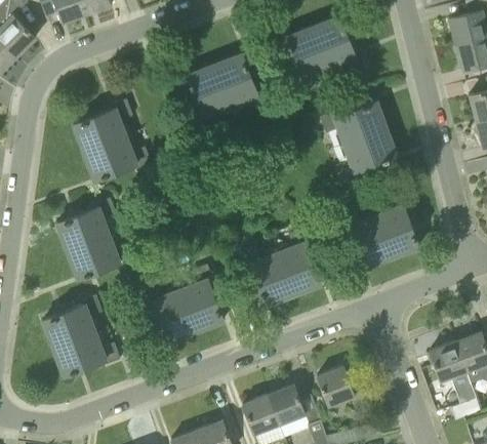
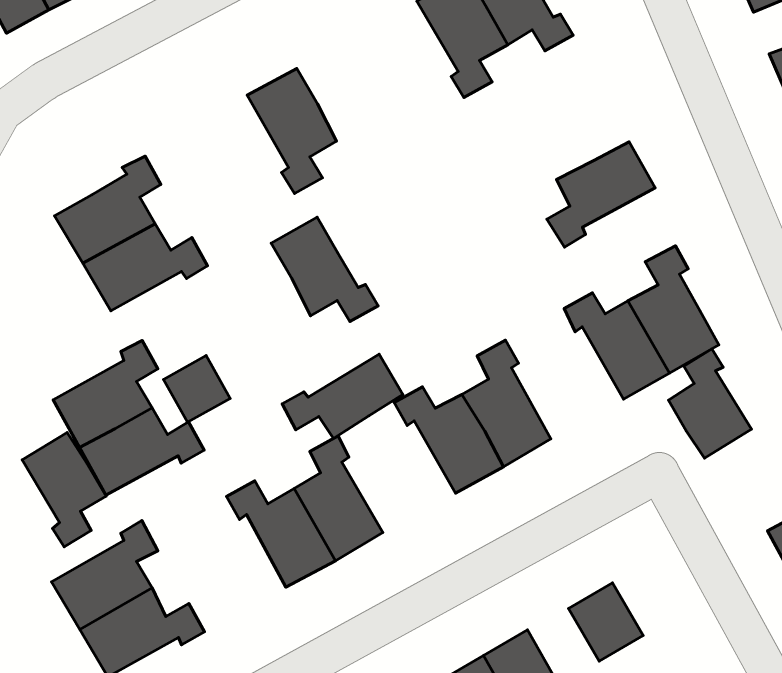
building: [214,54,267,113] -> [271,217,378,321]
building: [319,100,387,145] -> none
building: none -> [163,356,230,422]
building: none -> [282,354,403,438]
building: none -> [22,433,106,547]
building: none -> [669,349,752,458]

